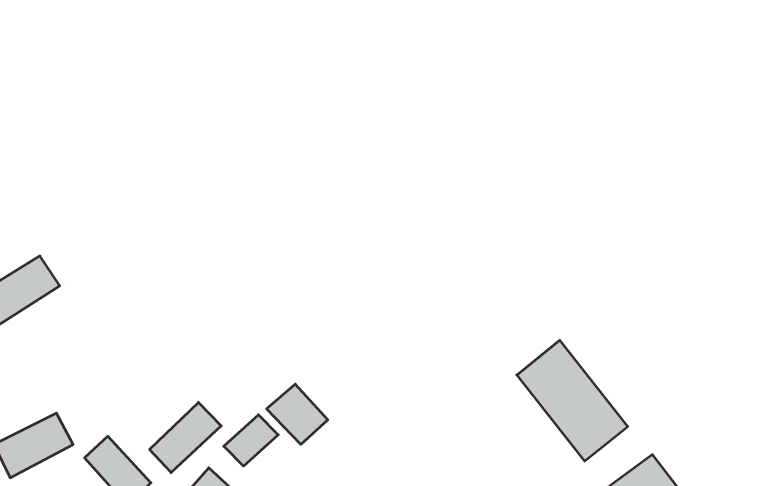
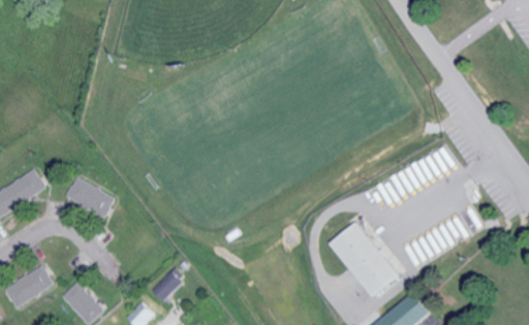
building: none -> [65,178,114,215]
building: [267,384,328,444] -> none
building: [150,402,221,473] -> none

